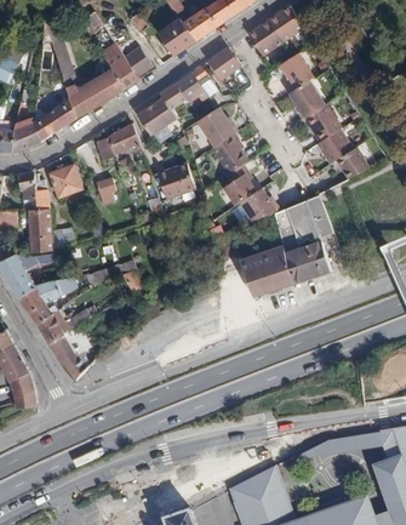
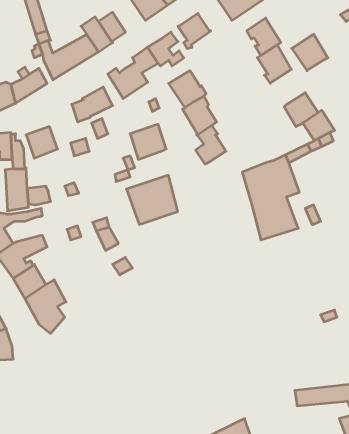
building: [303,104,341,142] -> [292,34,328,71]
building: [239,187,279,221] -> none
building: [239,245,292,296] -> [126,175,178,224]

